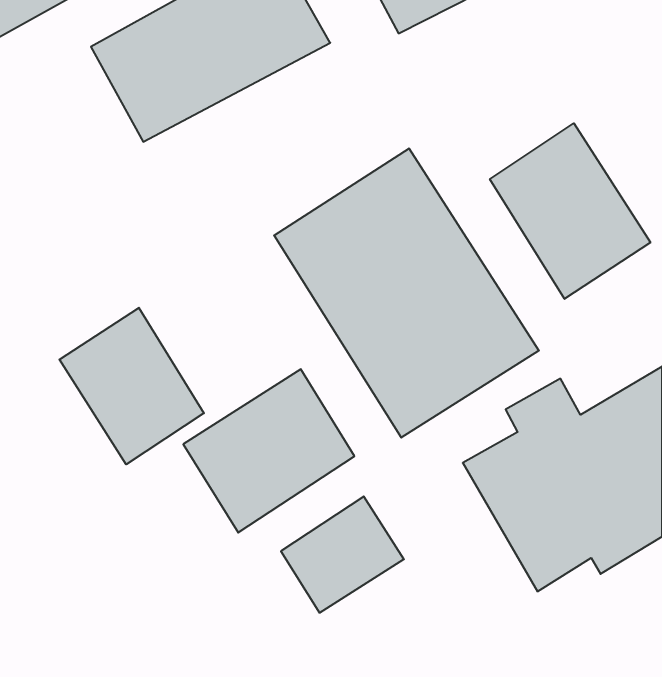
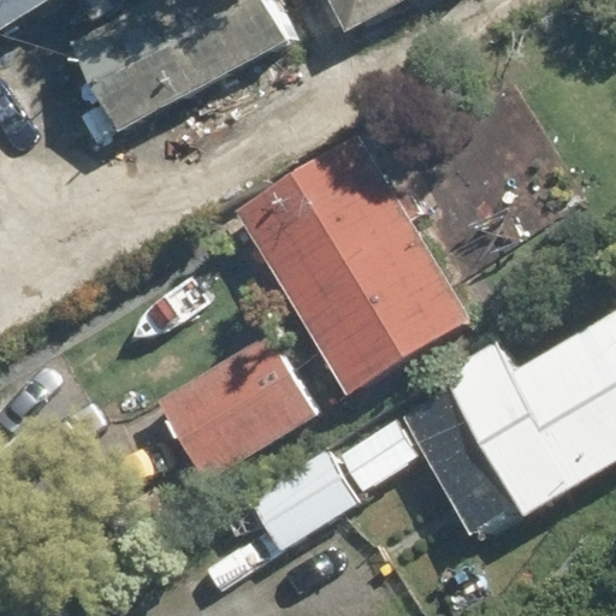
building: [490,123,650,299] -> none
building: [59,308,204,464] -> none

